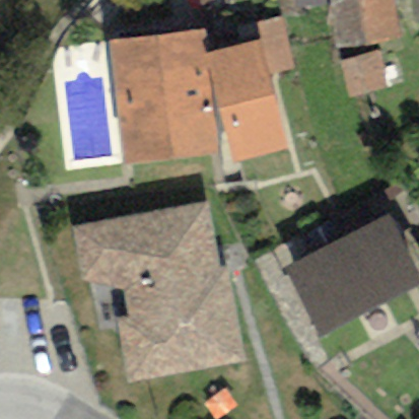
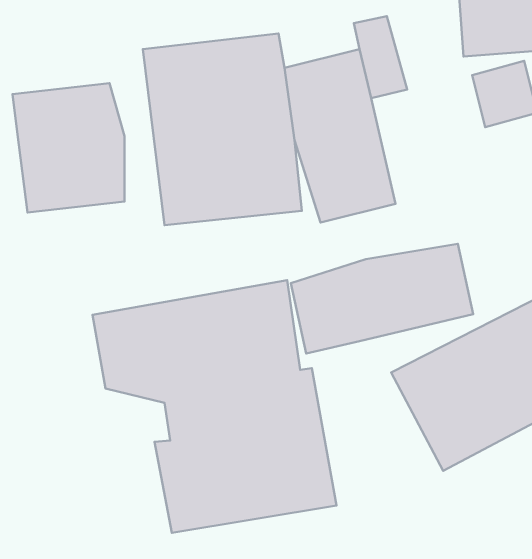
building: none -> [13,83,125,213]
building: none -> [291,244,473,354]

